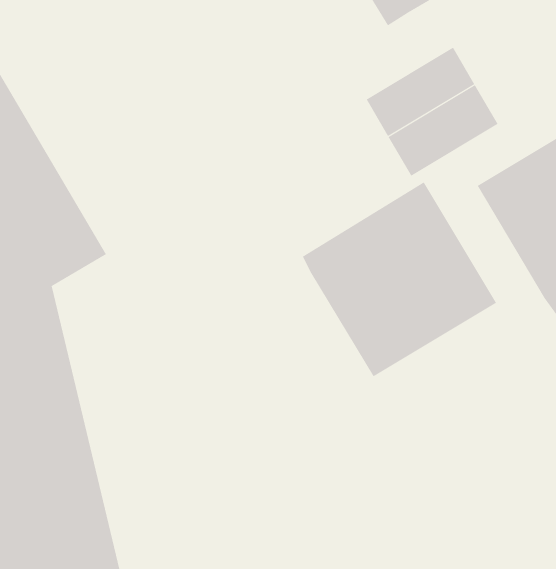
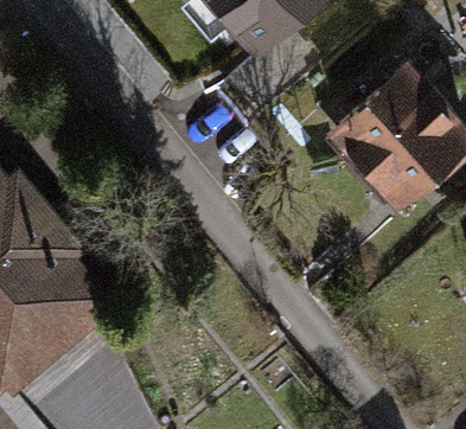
building: [302,182,497,377] -> none

